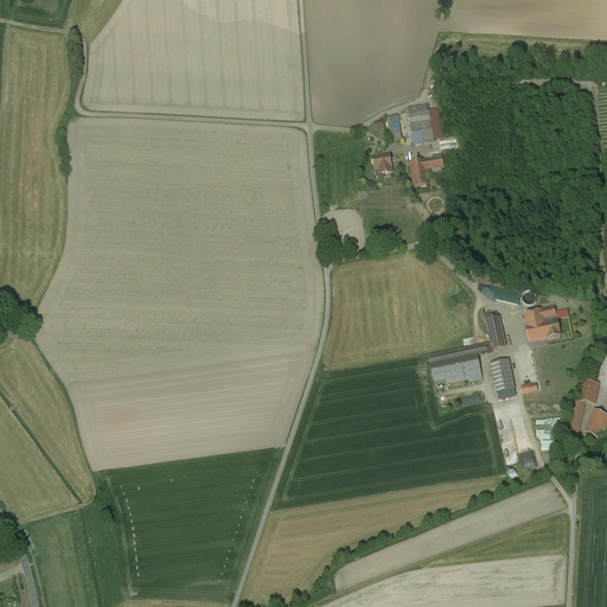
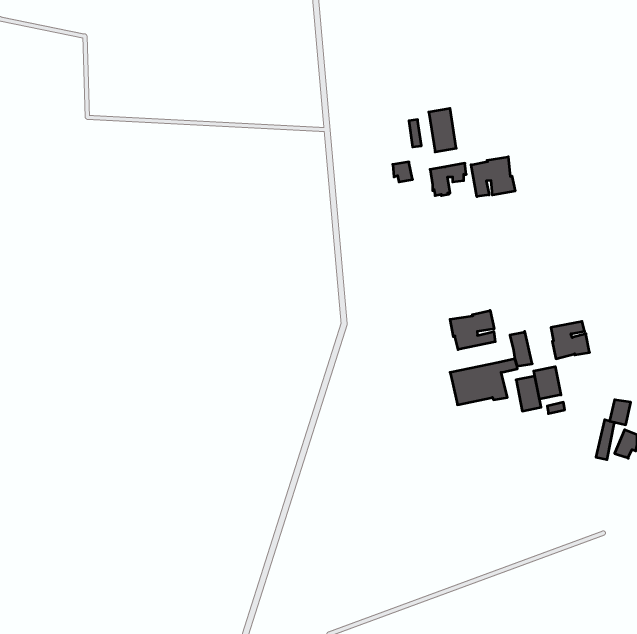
building: none -> [471,157,515,197]
building: none -> [450,310,495,350]
building: none -> [534,367,561,399]

